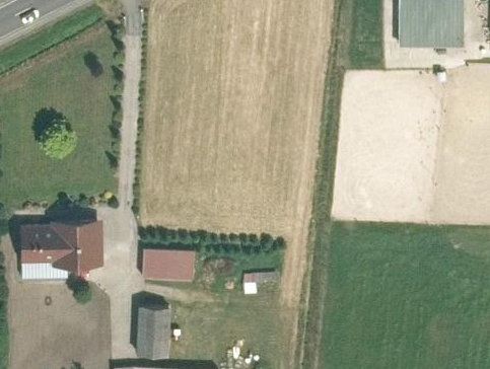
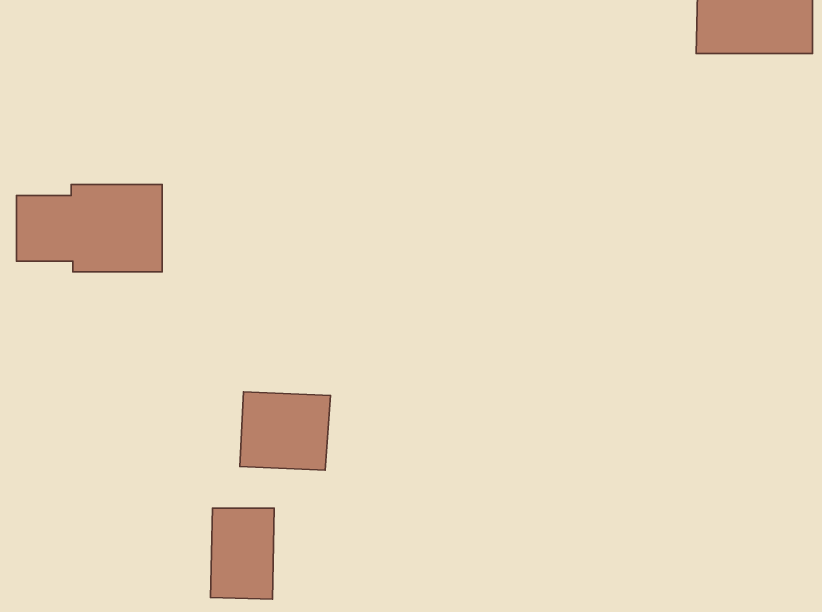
building: [22,222,103,271] -> [17,185,162,272]

